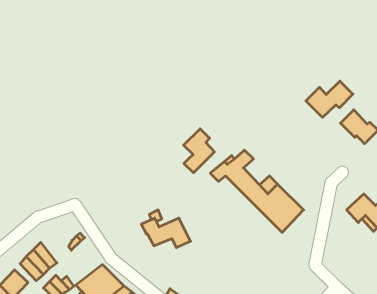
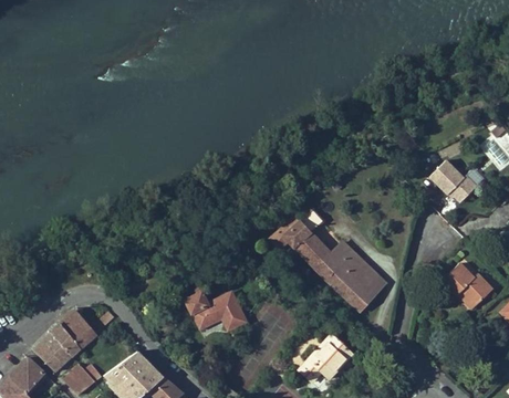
building: [306,81,353,117] -> none
building: [184,129,214,173] -> none
building: none -> [60,311,95,349]
building: none -> [298,336,350,383]

